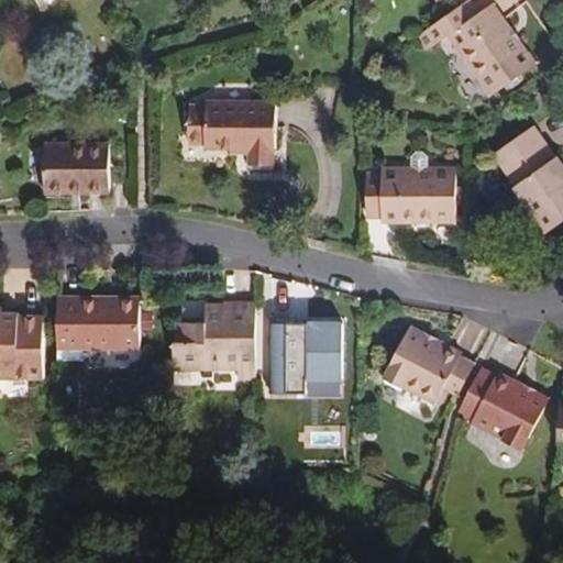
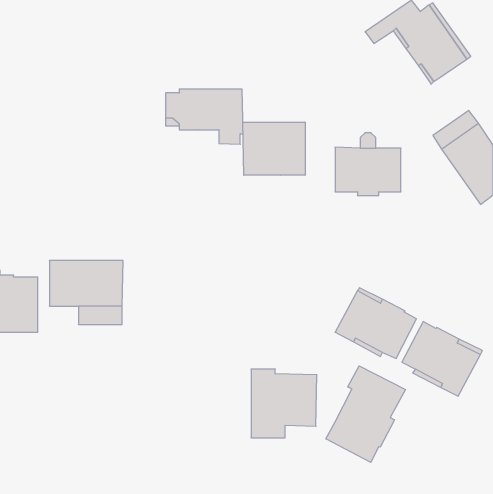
building: none -> [243,122,305,175]
building: [43,143,109,195] -> none
building: [173,303,254,380] -> none
building: [268,316,343,394] -> [251,369,317,438]
building: none -> [326,366,405,462]

